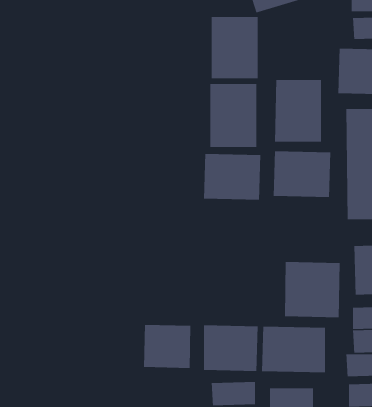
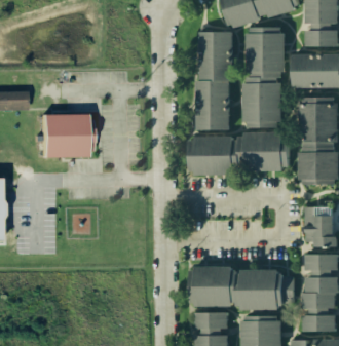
building: none -> [244,25,281,75]
building: none -> [41,115,88,157]
building: [284,261,340,318] -> none
building: [143,324,191,369] -> none

